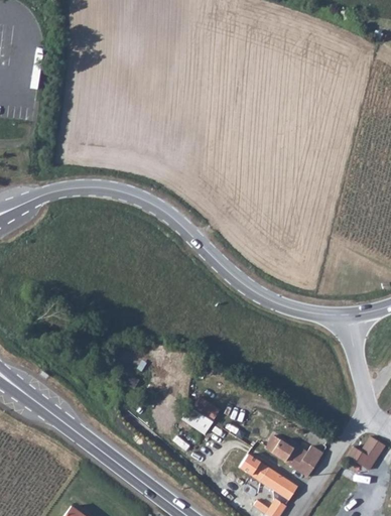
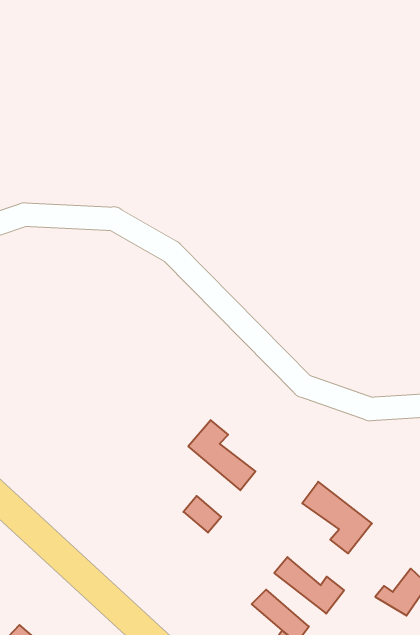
building: none -> [188,420,255,490]
building: none -> [302,482,372,553]

